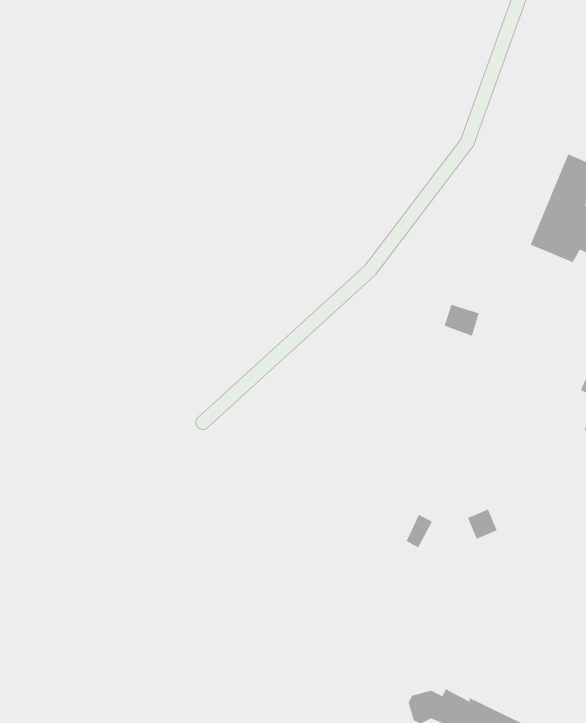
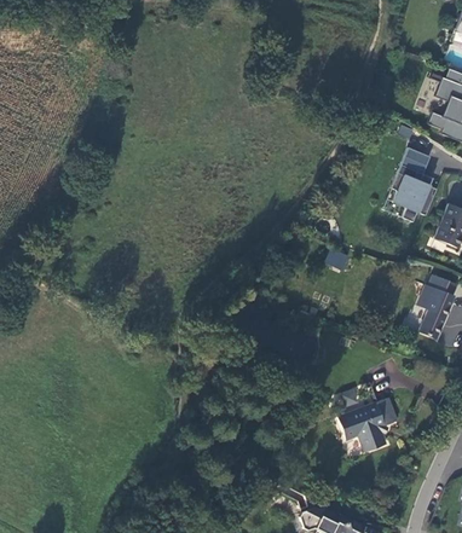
building: none -> [336,398,397,453]

